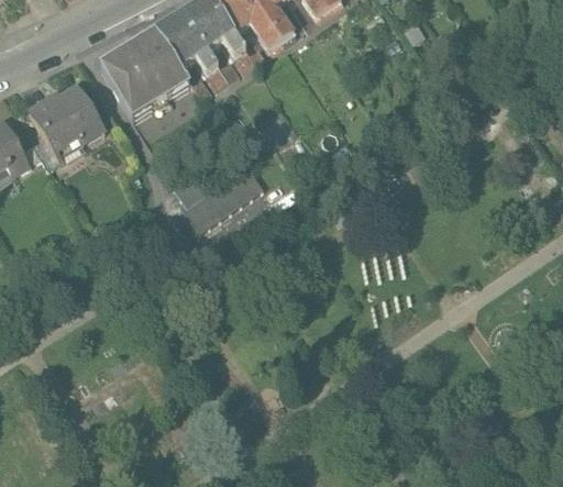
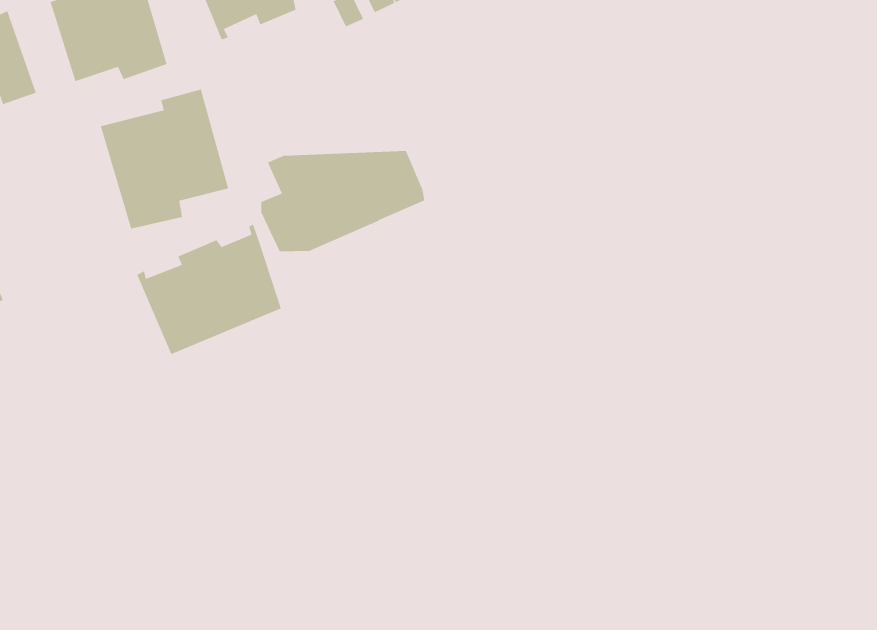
building: none -> [100,88,229,230]
building: none -> [136,223,282,355]

